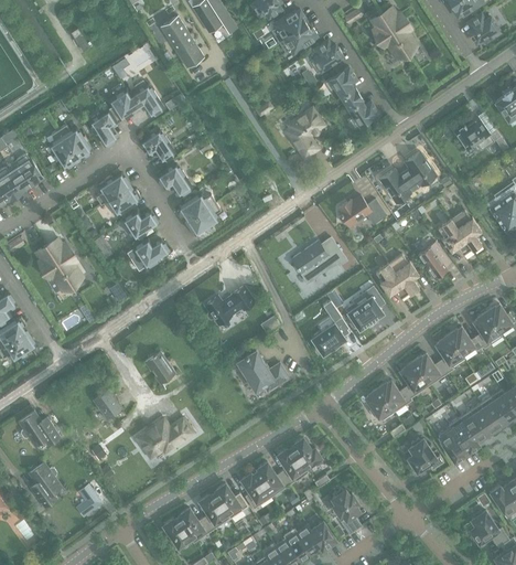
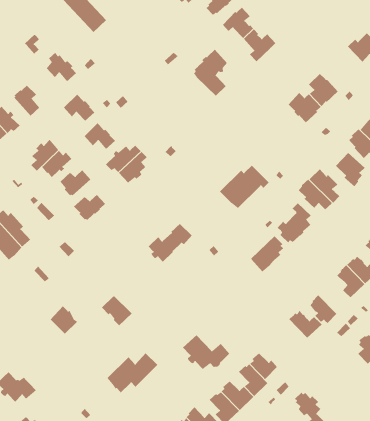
building: [106,89,137,122] -> none
building: [337,195,386,226] -> none
building: [237,351,287,391] -> [182,335,230,370]
building: [376,380,411,412] -> [288,310,323,338]
building: [92,387,121,418] -> [50,306,78,334]

